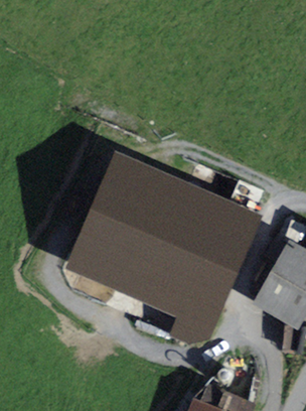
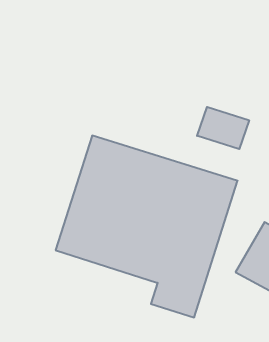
building: none -> [197,107,249,149]

